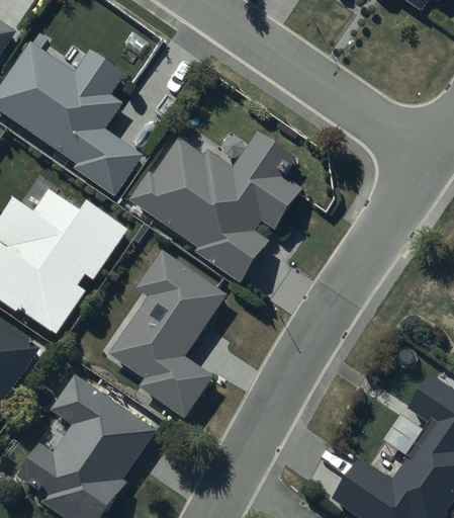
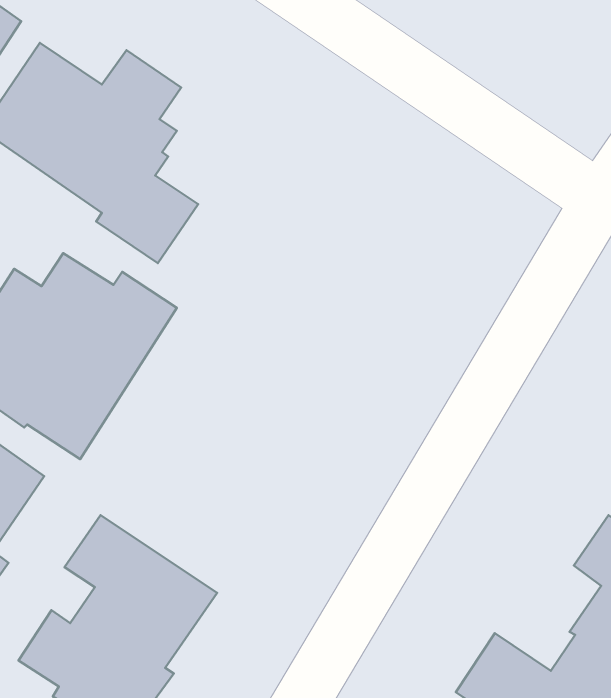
building: [125,130,304,282] -> none
building: [109,249,225,415] -> none

